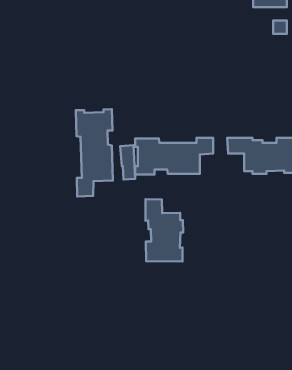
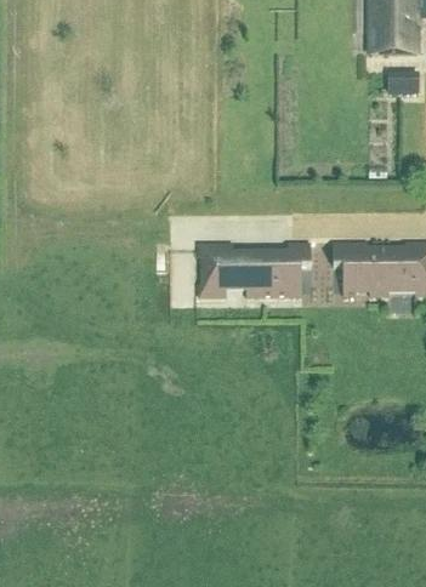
building: [76,109,113,196] -> none
building: [145,199,183,261] -> none

